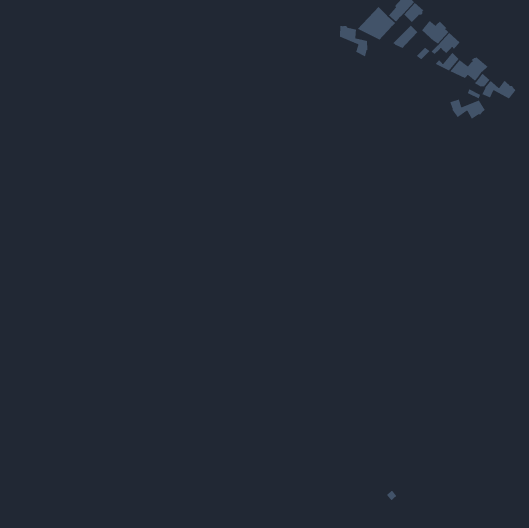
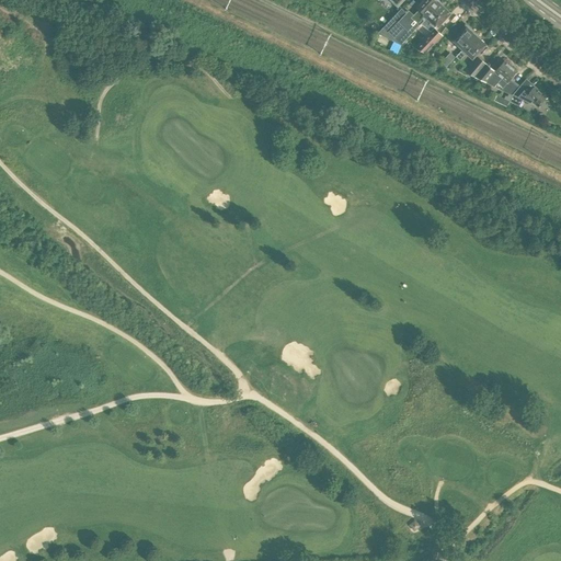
building: [339,25,368,57] -> none
building: [449,98,486,120] -> none

